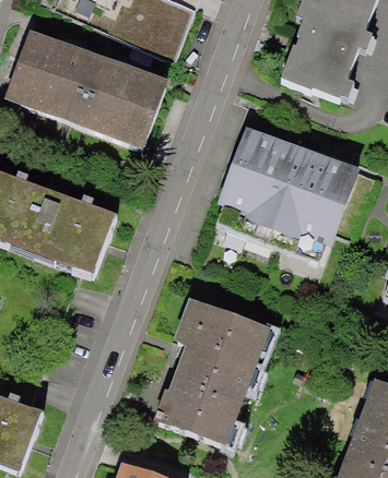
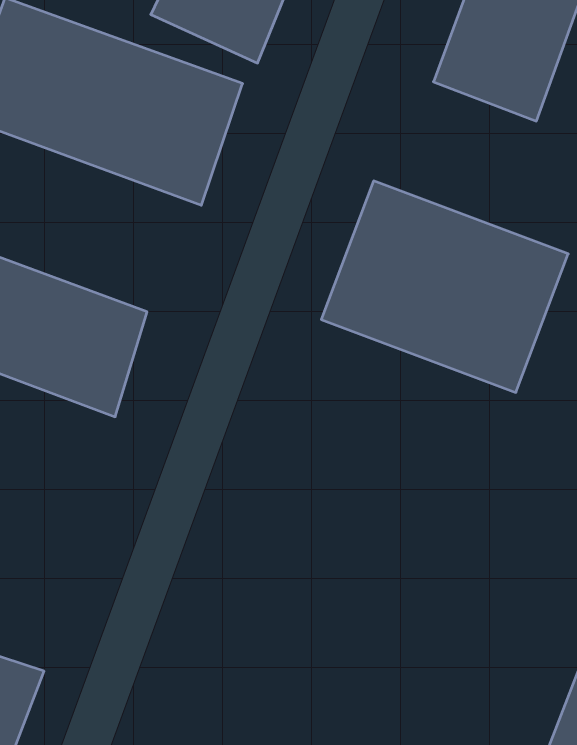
building: [142,302,269,452] -> none

